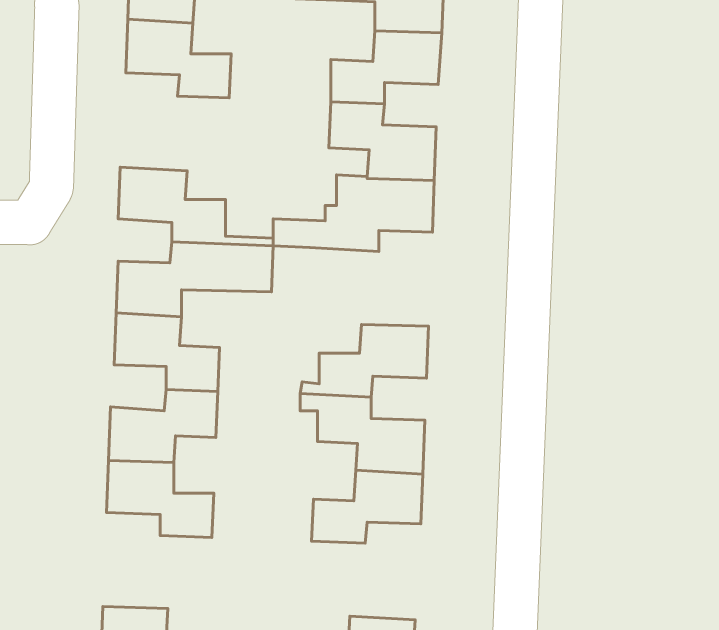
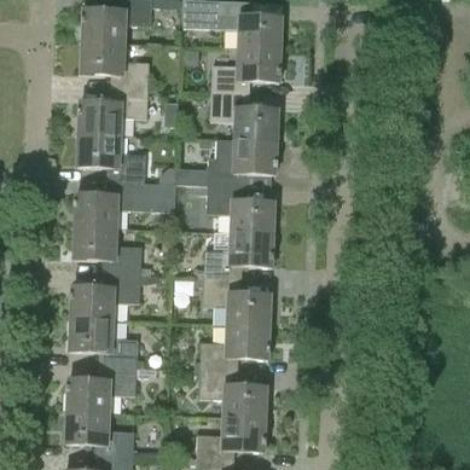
building: none -> [79,89,147,137]
building: none -> [198,185,274,234]
building: none -> [68,366,137,412]
building: none -> [198,370,266,419]

